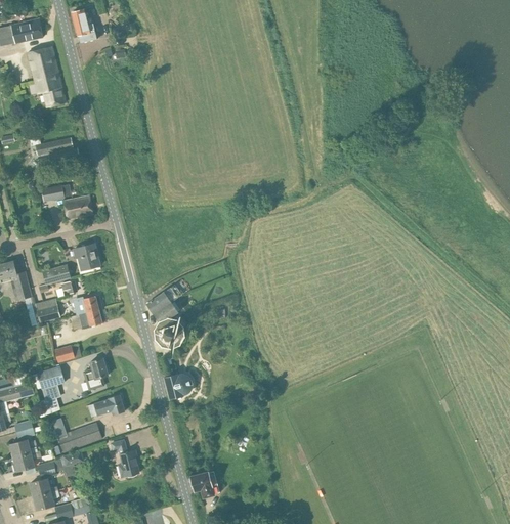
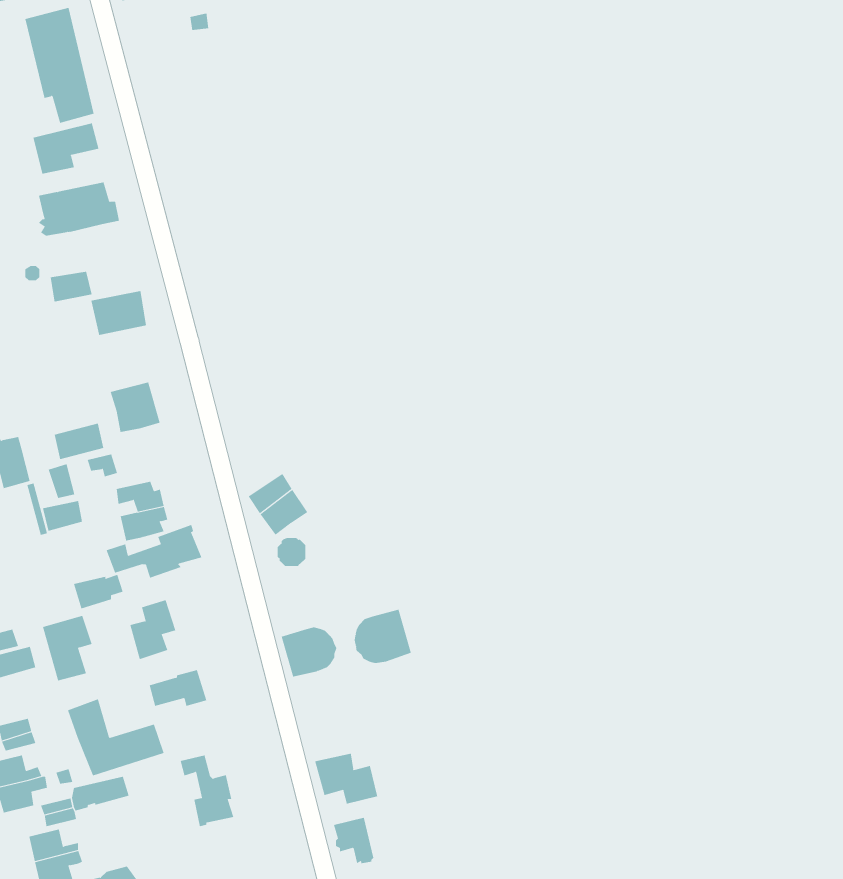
building: none -> [33,123,99,175]
building: none -> [106,524,202,578]
building: none -> [354,609,412,664]
building: none -> [315,753,378,804]

